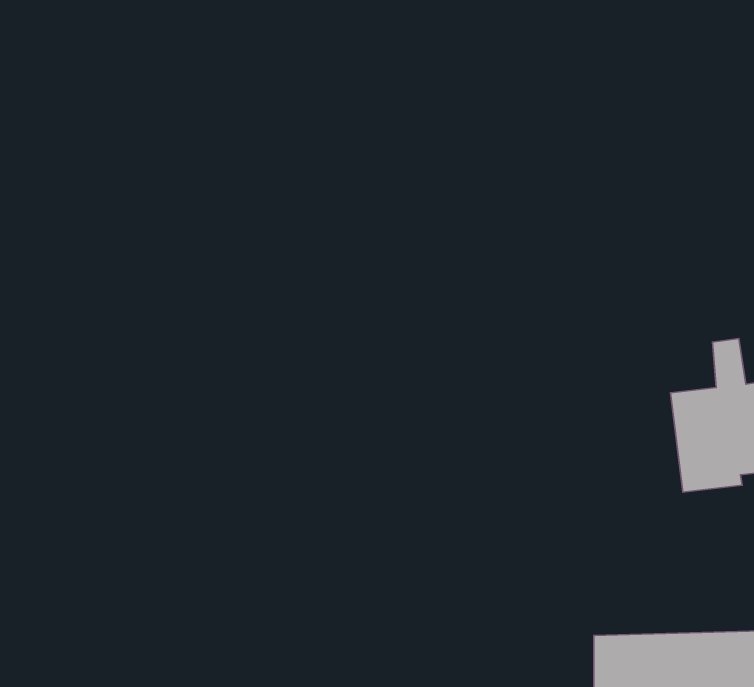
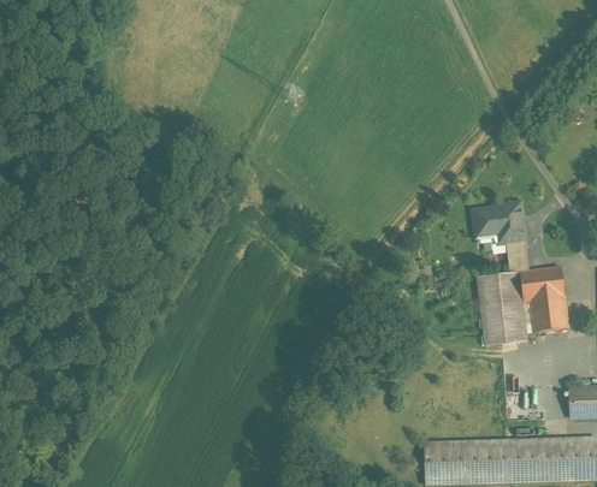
building: none -> [473,201,524,242]

